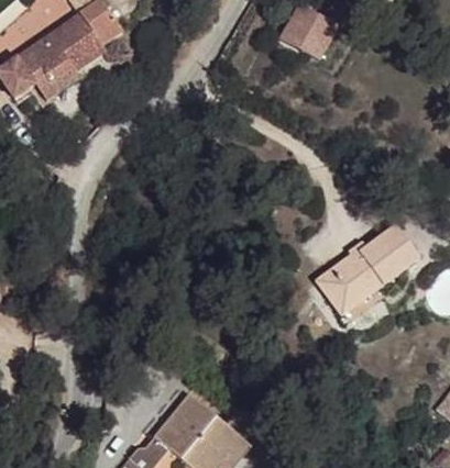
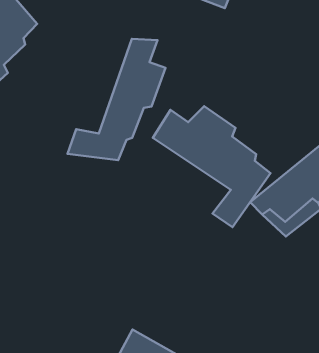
building: none -> [68,39,165,160]
building: none -> [153,106,271,227]

